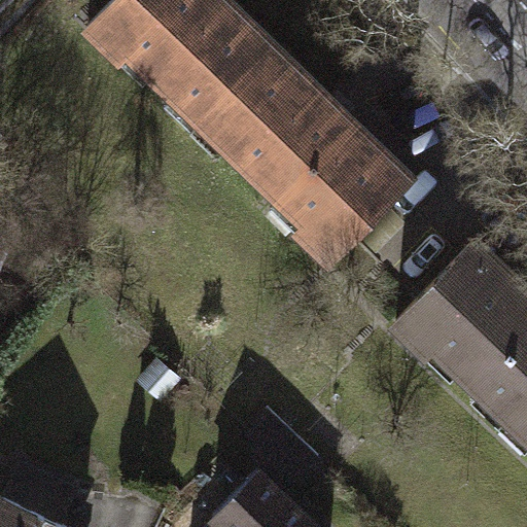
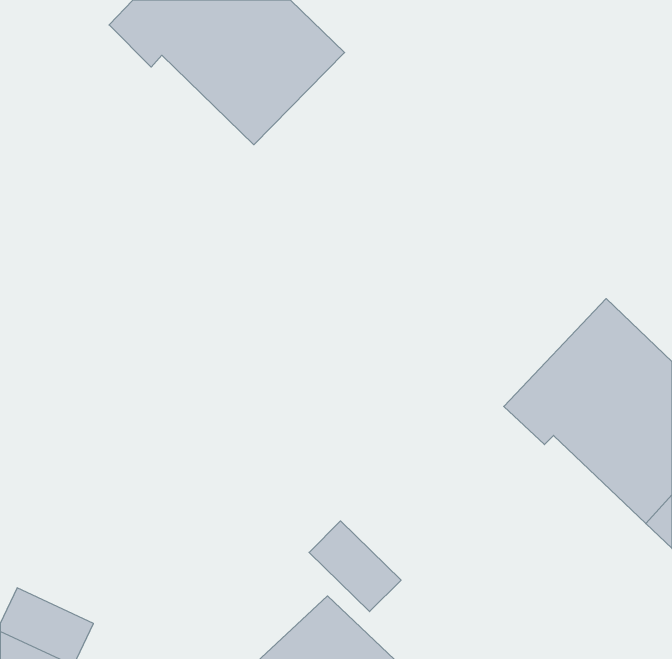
building: [199,51,403,264] -> none

